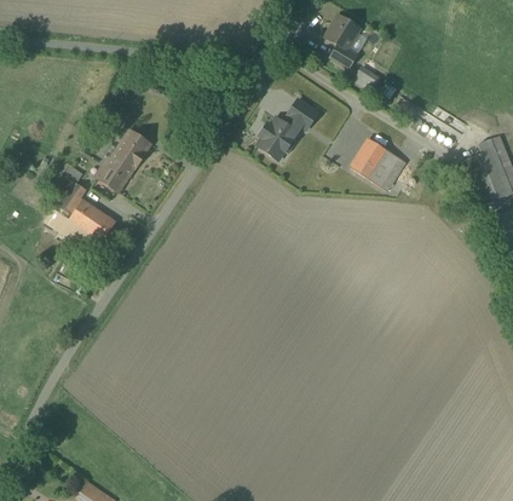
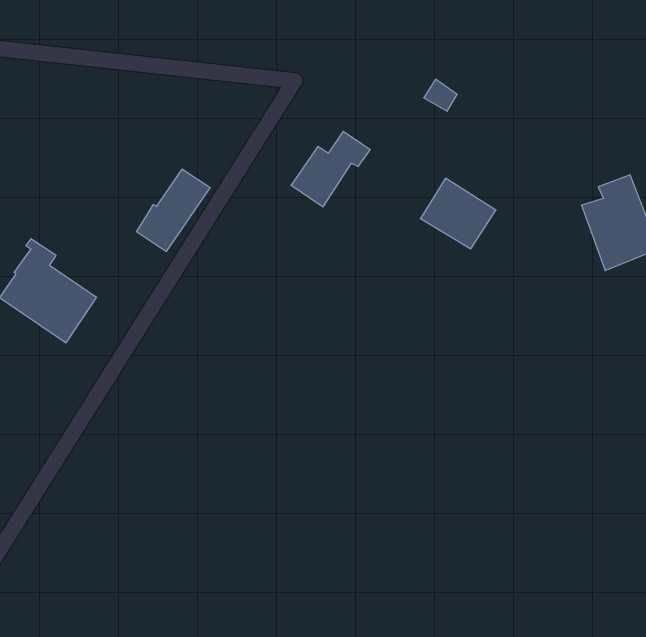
building: [323,13,364,67] -> none
building: [96,131,149,190] -> [136,169,210,251]

